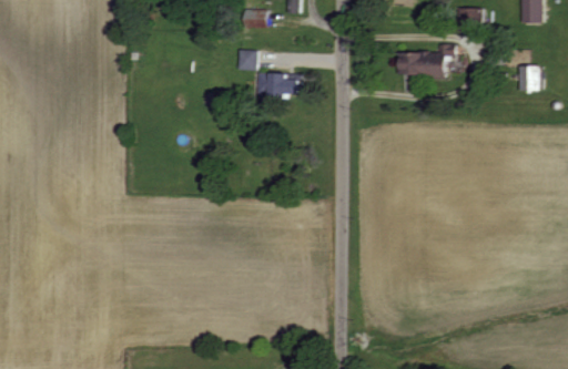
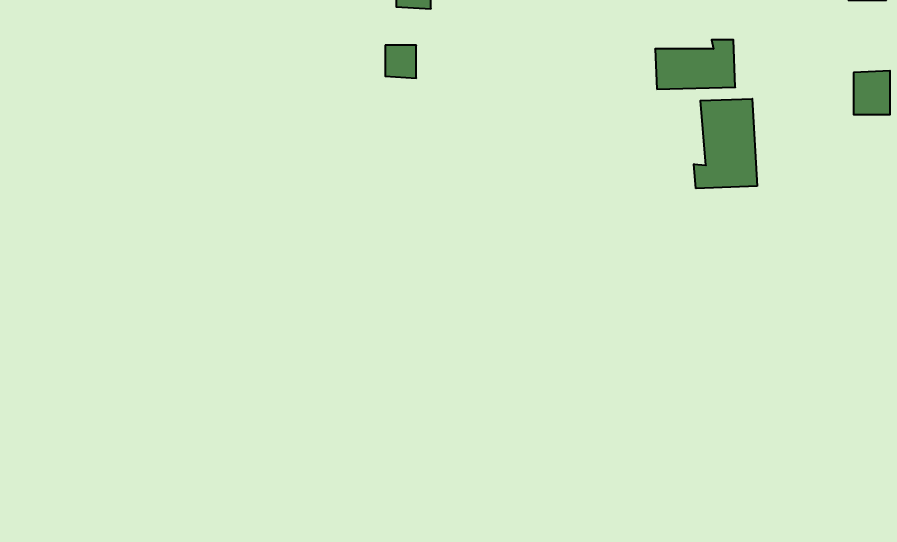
building: [272,73,303,96] -> none
building: none -> [694,99,757,188]

